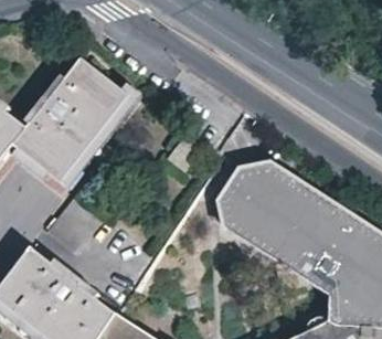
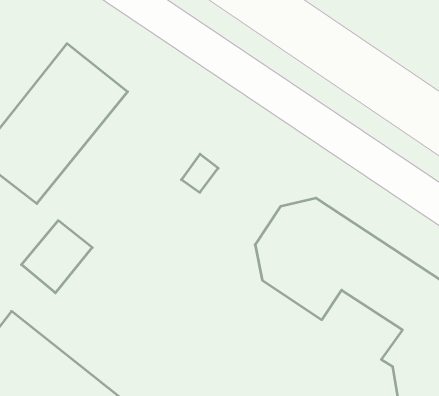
building: [280,246,343,300] -> none

